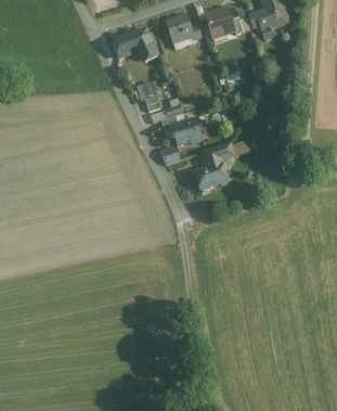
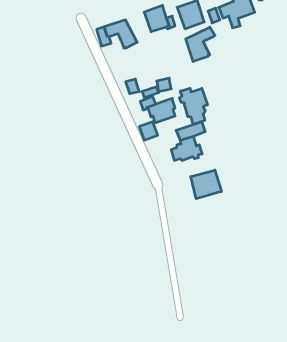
building: none -> [186,27,215,62]
building: none -> [179,88,207,124]
building: none -> [191,170,221,199]

